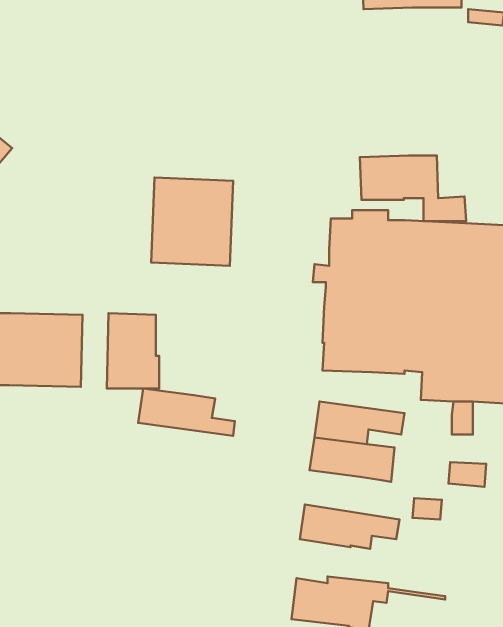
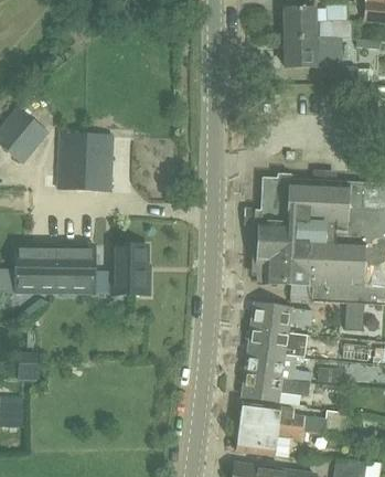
building: [360,156,466,221] -> [285,36,356,81]
building: [151,178,233,266] -> [57,131,113,191]
building: [138,389,235,436] -> [245,349,310,381]
building: none -> [239,401,343,434]

